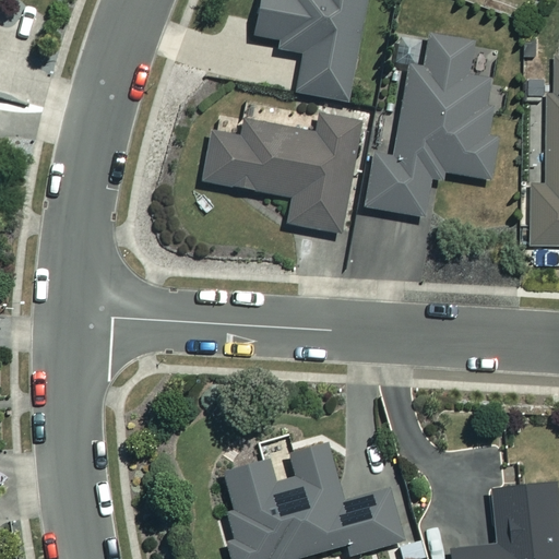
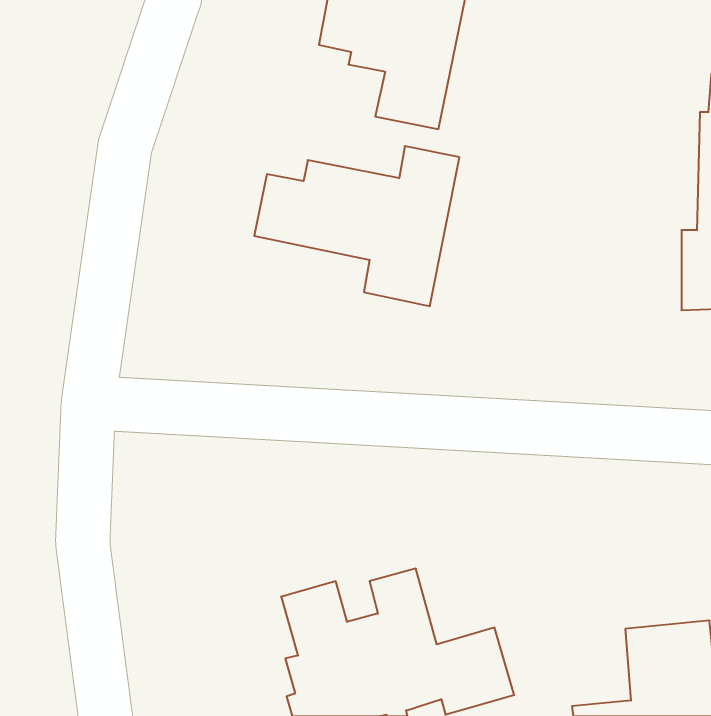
building: [364,35,496,217] -> none

